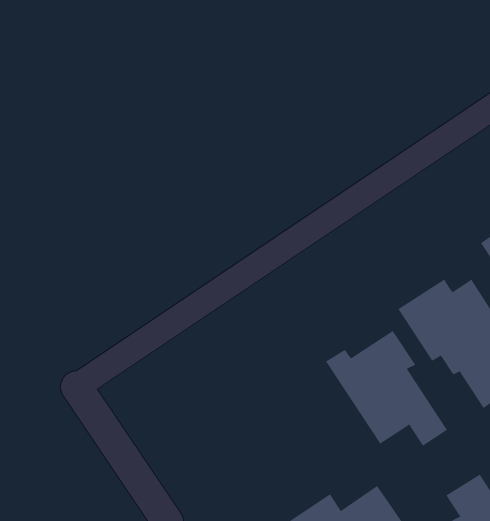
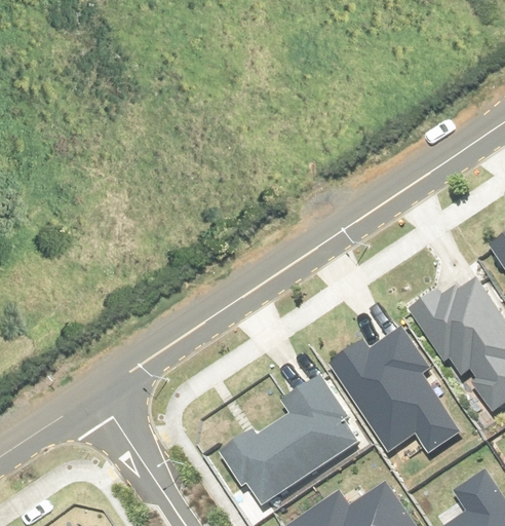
building: none -> [225,378,359,505]

